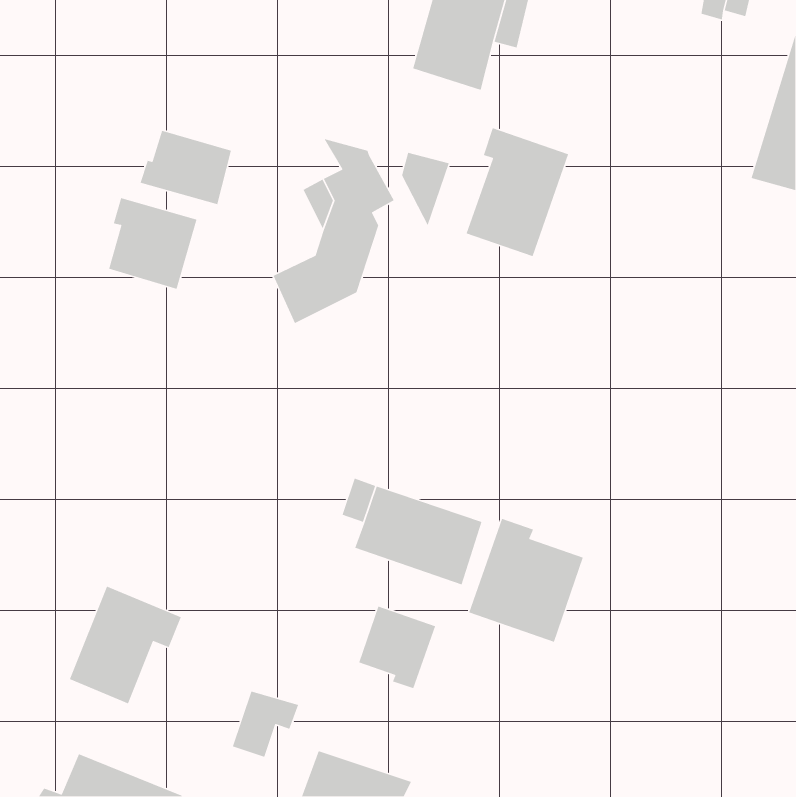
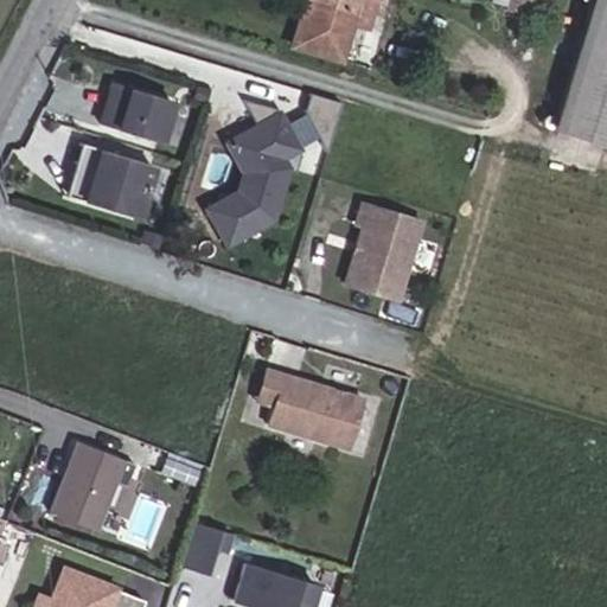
building: [466,127,569,257] -> [346,196,424,294]
building: [468,518,584,643] -> none
building: [358,605,436,689] -> none

